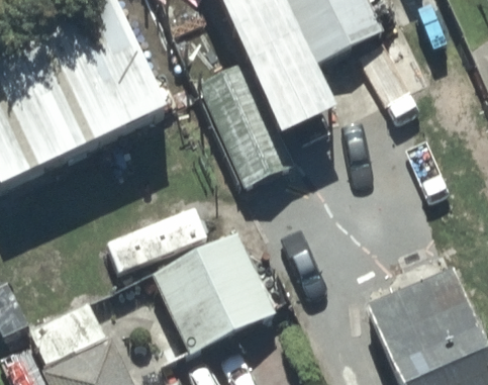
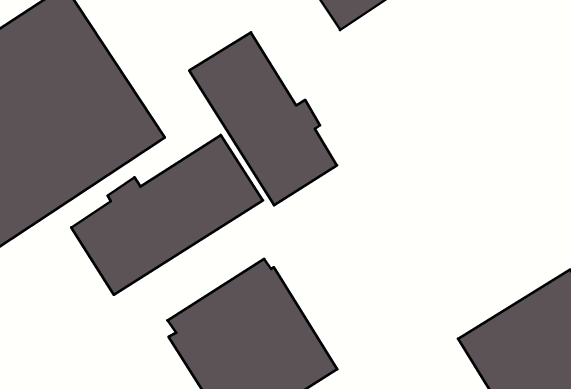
building: none -> [71,135,263,295]

